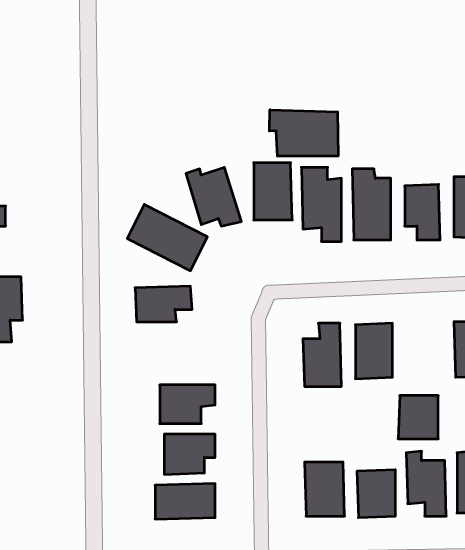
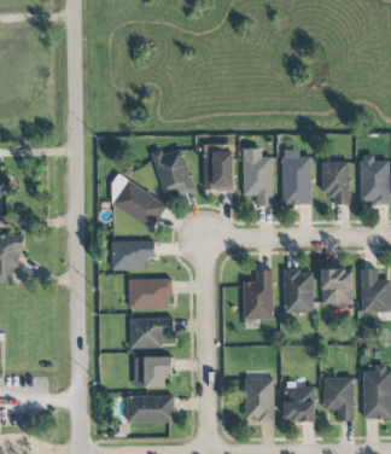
building: [269,110,338,156] -> none
building: none -> [129,278,171,308]
building: [398,396,438,439] -> [321,269,352,303]

